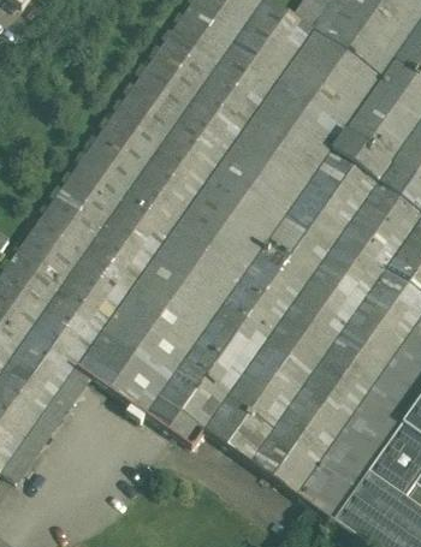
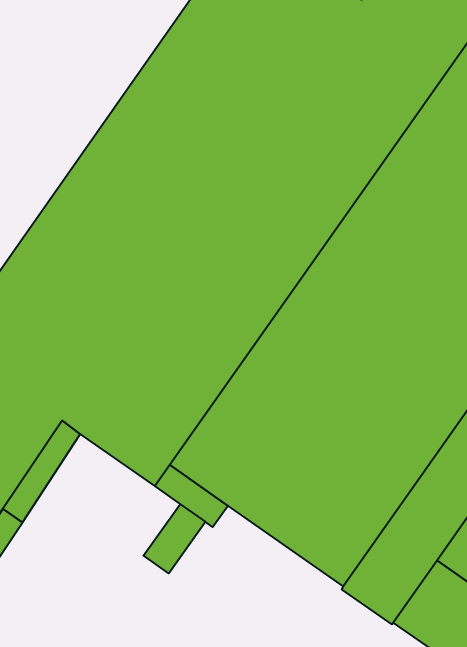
building: none -> [143,504,205,573]

